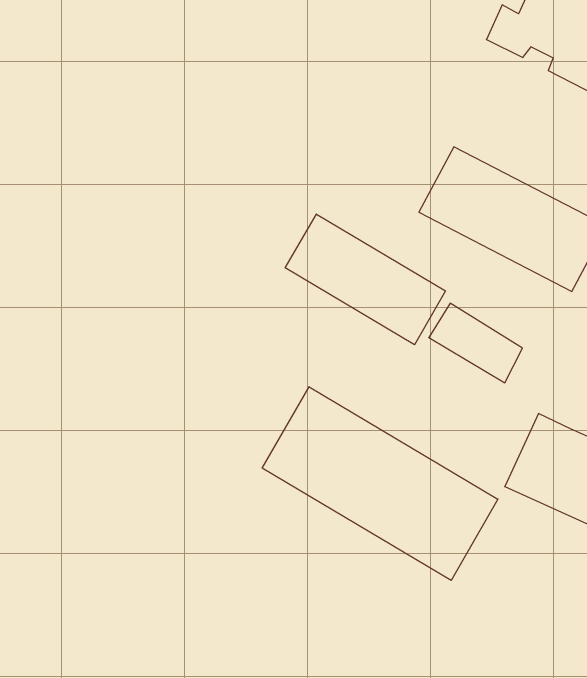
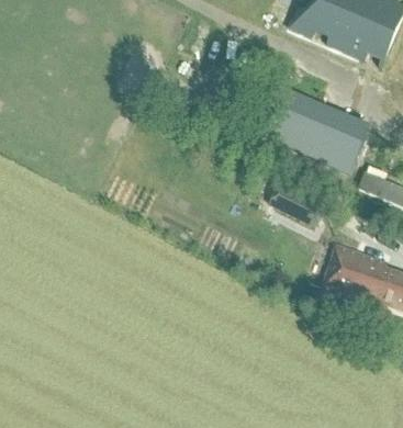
building: [285,214,445,345] -> none
building: [262,387,498,580] -> none

